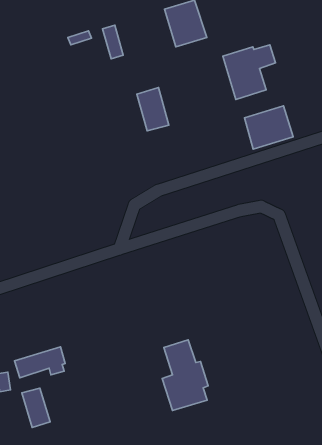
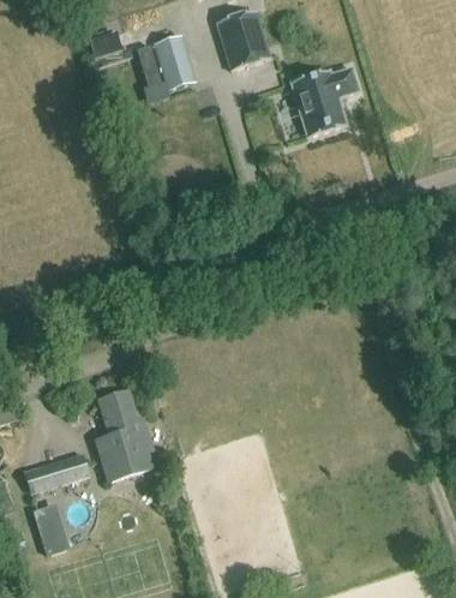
building: [137,87,169,131] -> [154,34,194,89]
building: [244,106,293,149] -> none
building: [162,340,208,410] -> [95,390,154,480]

